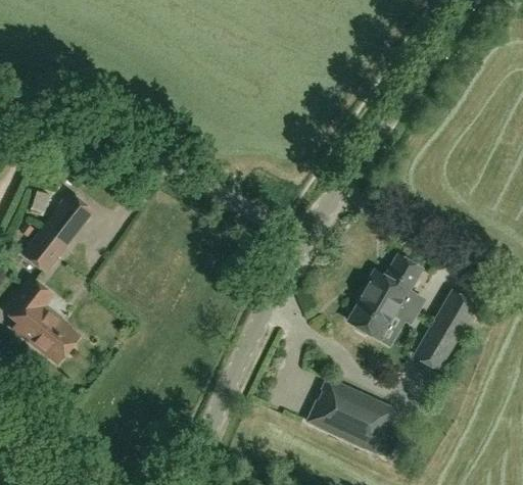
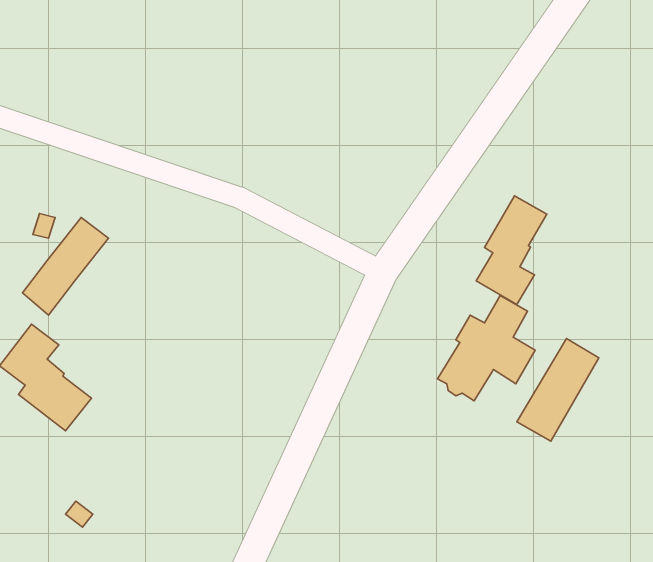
building: none -> [476,196,547,305]
building: [307,379,395,453] -> none

